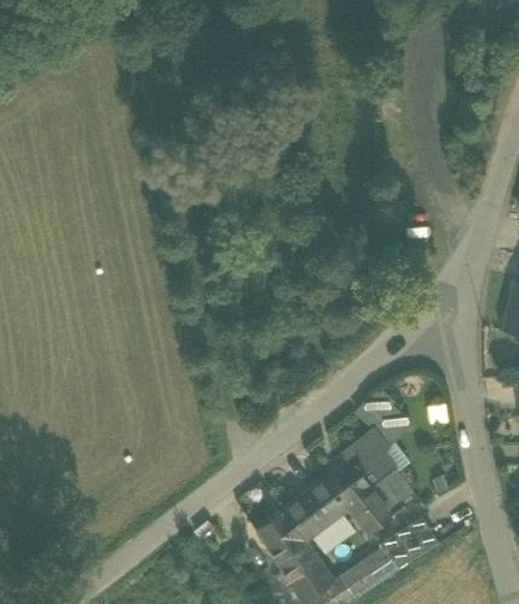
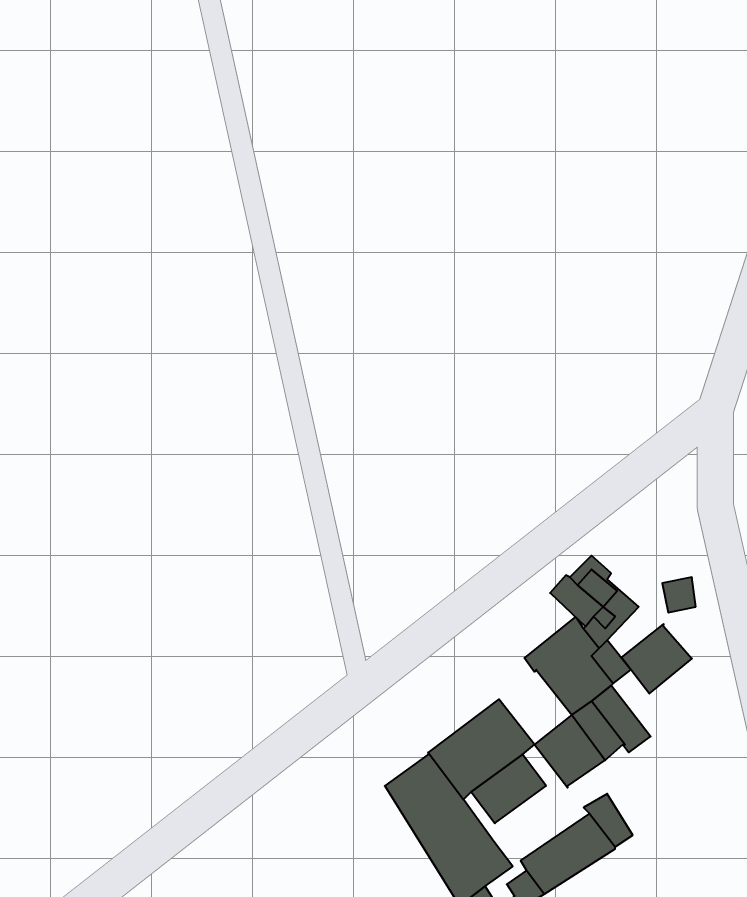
building: none -> [621,624,692,694]
building: [325,460,370,506] -> none
building: [392,517,437,562] -> none

